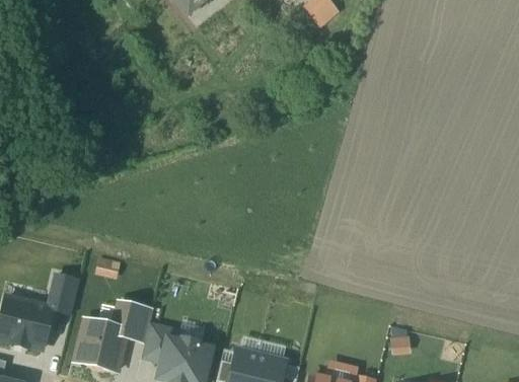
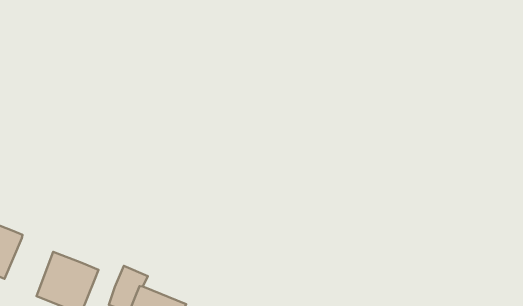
building: [46,273,79,313] -> none
building: [112,299,153,340] -> none

